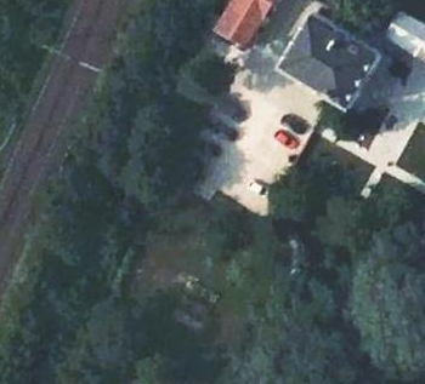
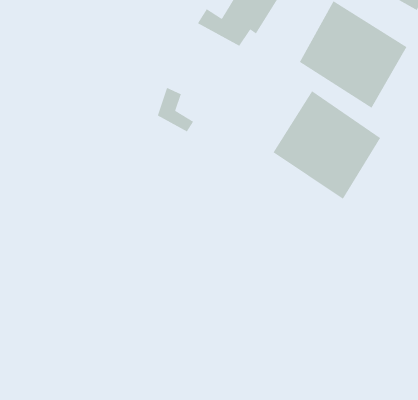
building: none -> [273,90,381,200]

